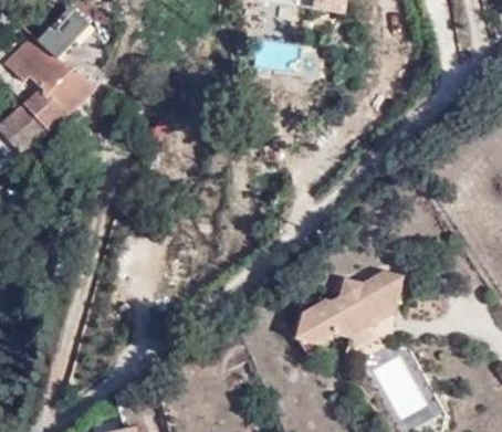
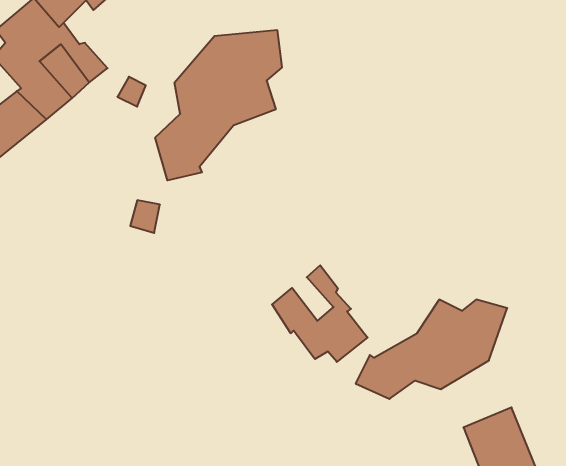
building: none -> [155,30,282,180]
building: none -> [272,265,368,362]

